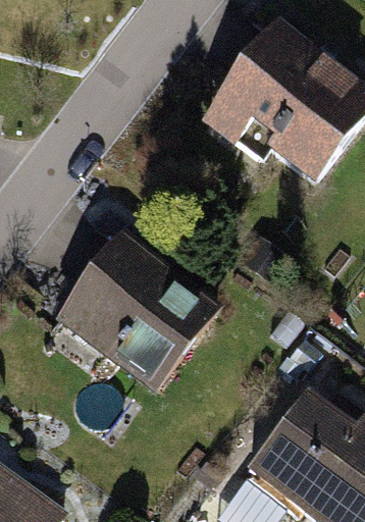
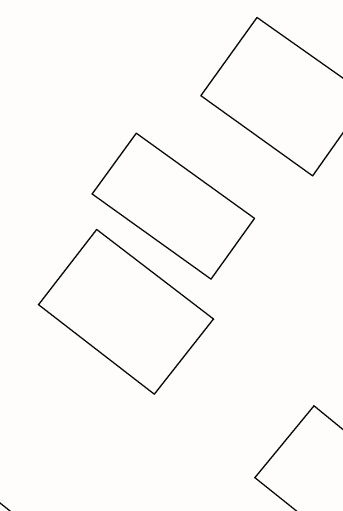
building: none -> [92,133,254,279]

